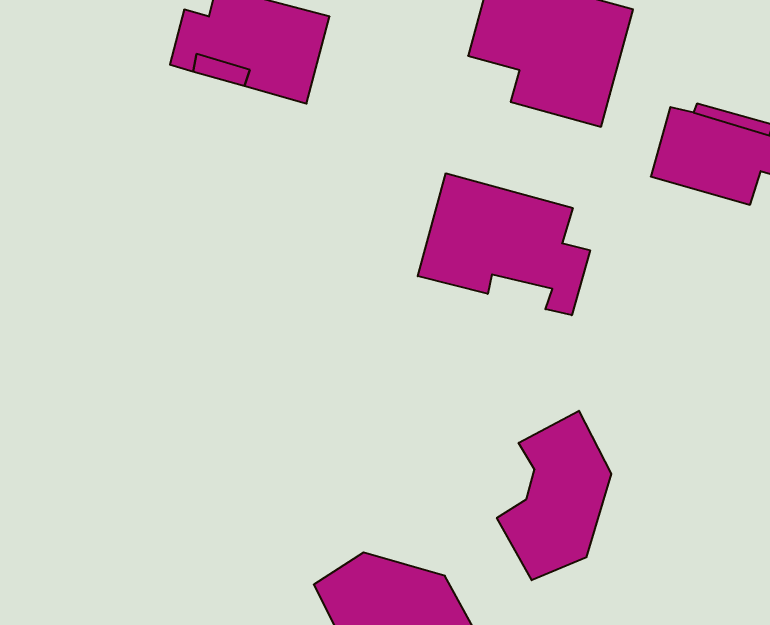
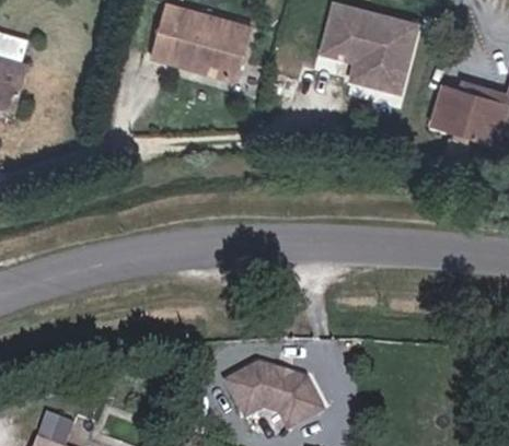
building: [418,173,590,315] -> none
building: [497,411,611,580] -> none

